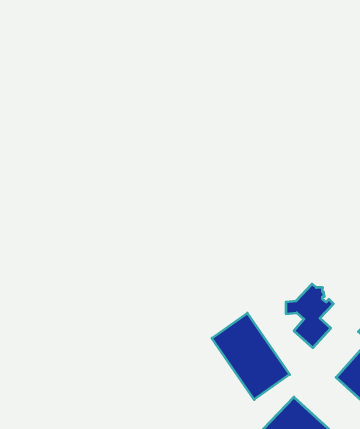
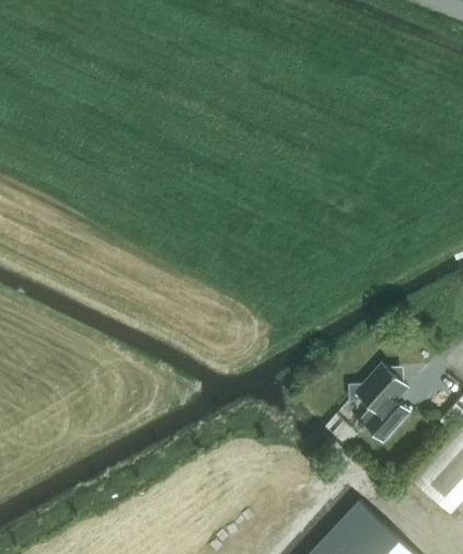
building: [212,313,290,400] -> none

